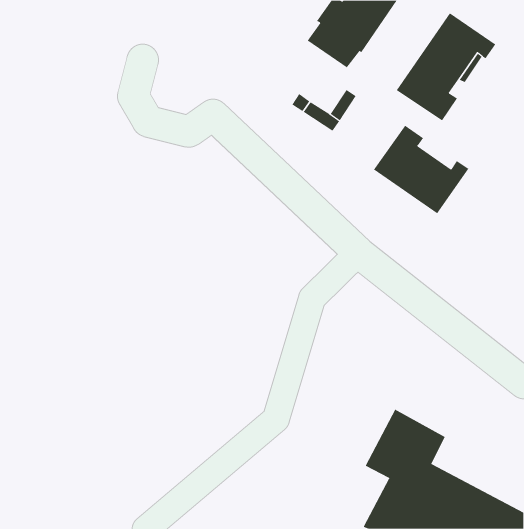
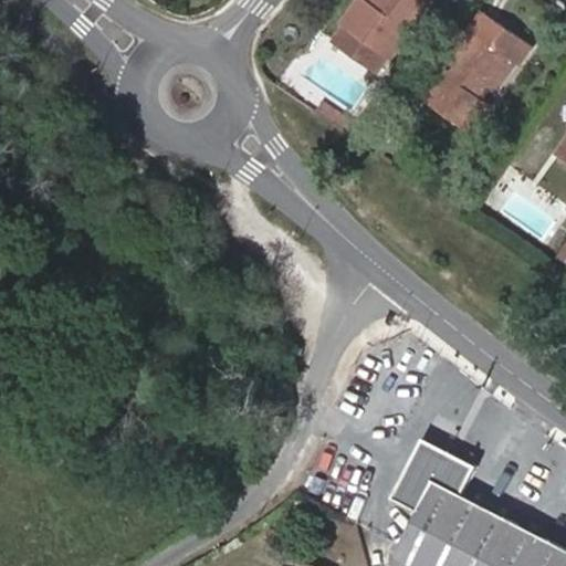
building: [373,125,469,214] -> none

